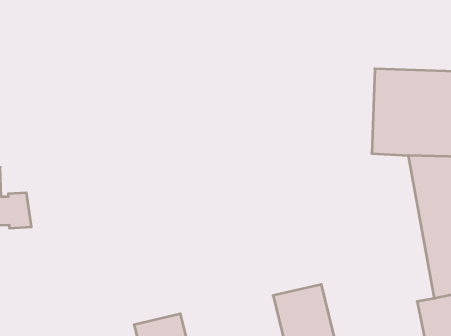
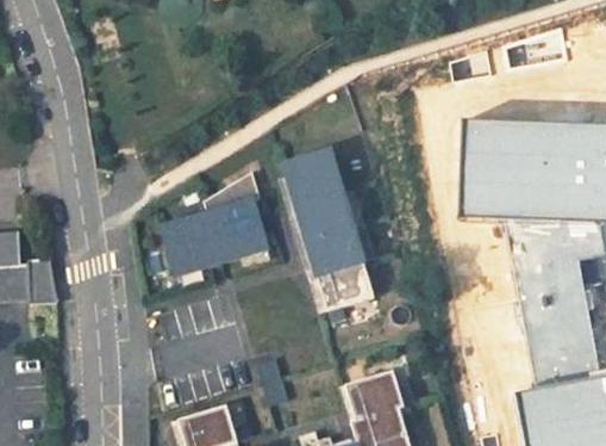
building: none -> [287,144,385,311]
building: none -> [167,199,275,271]

